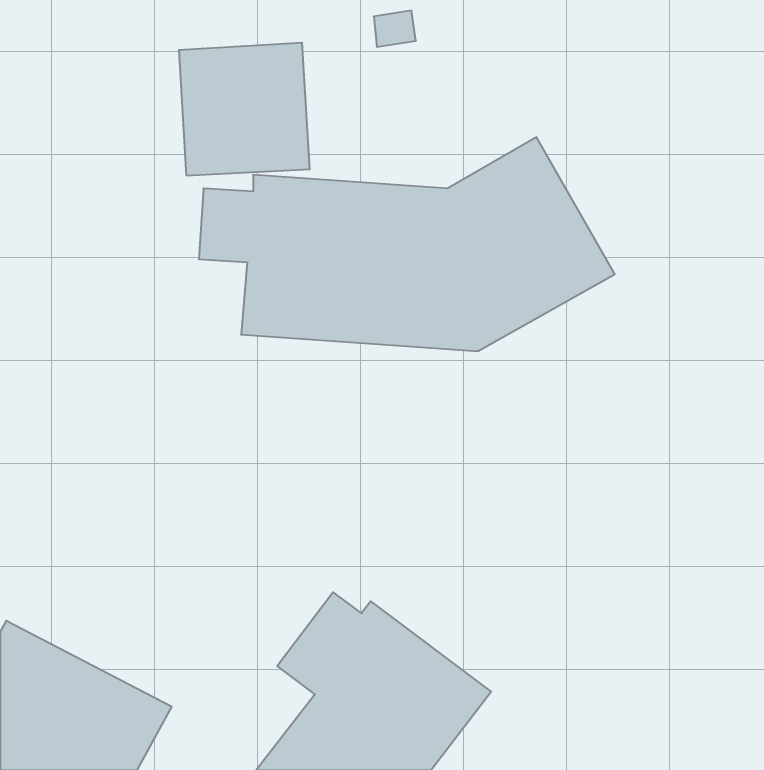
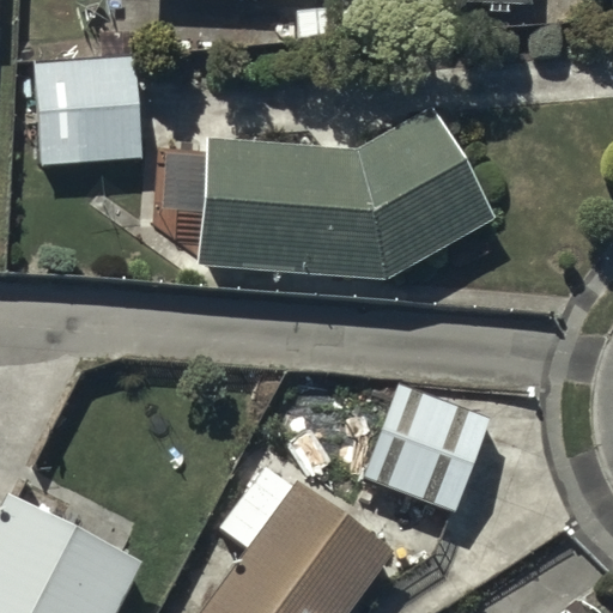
building: [179,43,310,175] -> [36,57,140,163]
building: none -> [364,383,488,510]

